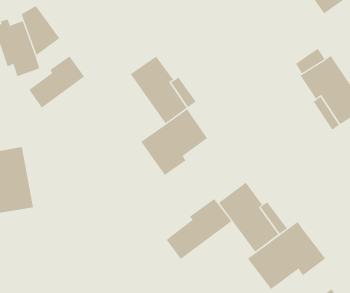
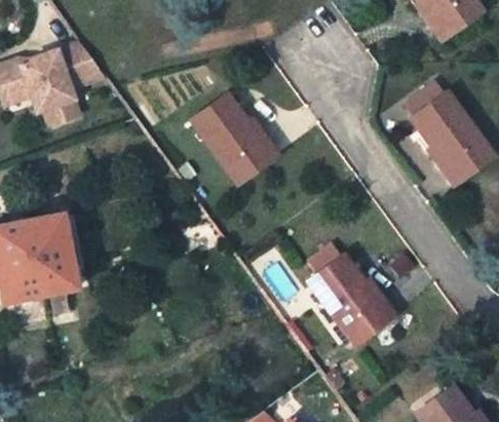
building: [29,55,85,108] -> none
building: [141,108,208,176] -> none
building: [166,198,232,260] -> none
building: [247,221,326,290] -> none

